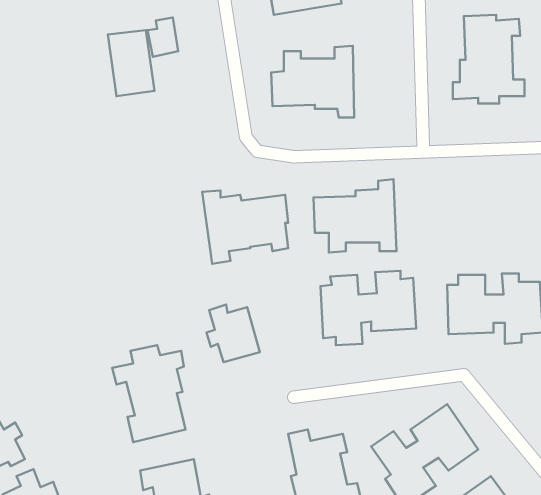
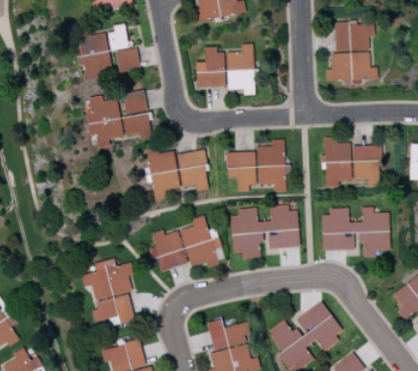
building: none -> [116,49,139,72]
building: none -> [86,90,152,149]
building: none -> [325,137,382,187]
building: none -> [181,215,221,267]

